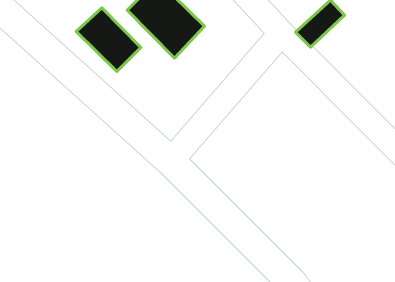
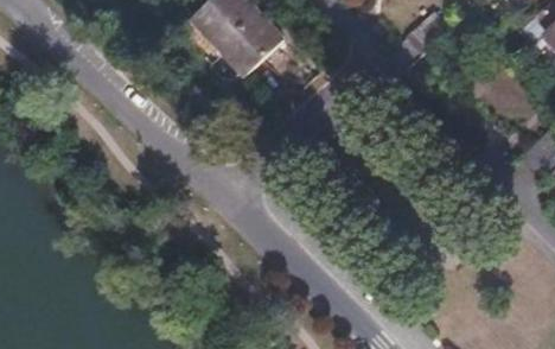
building: [76,8,141,72] -> none

